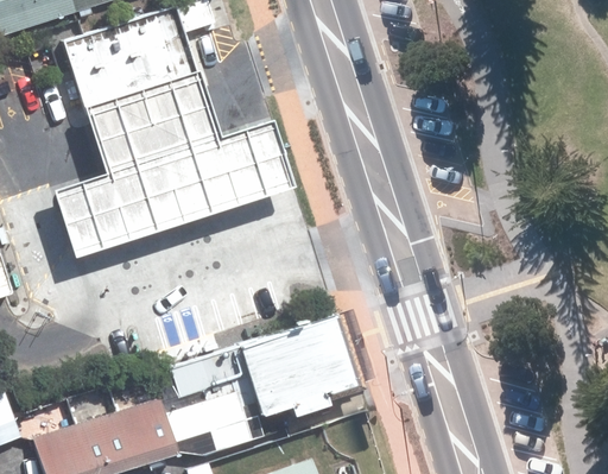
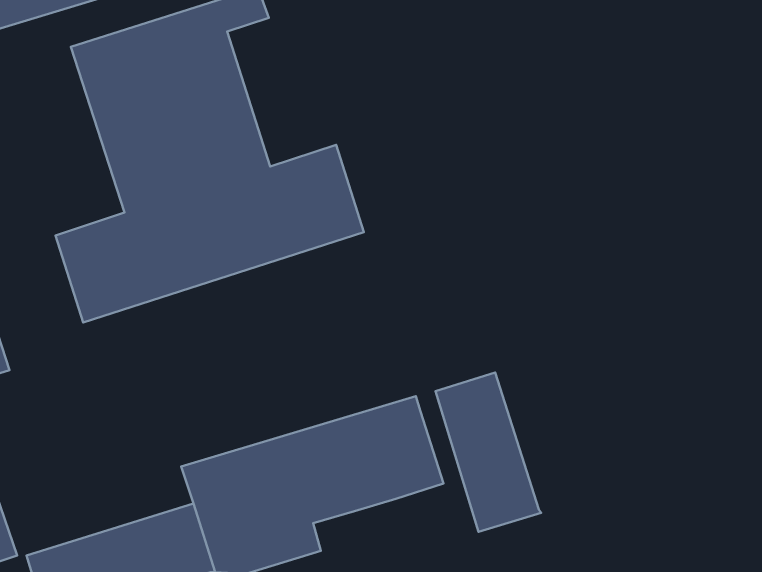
building: none -> [435,373,541,532]

